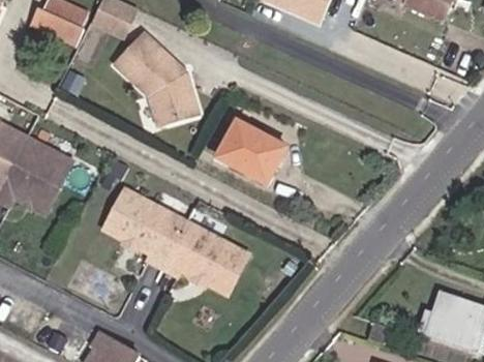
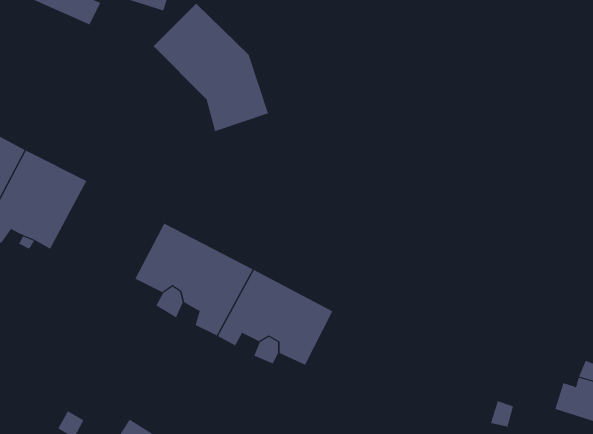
building: [216,120,284,181] -> none

